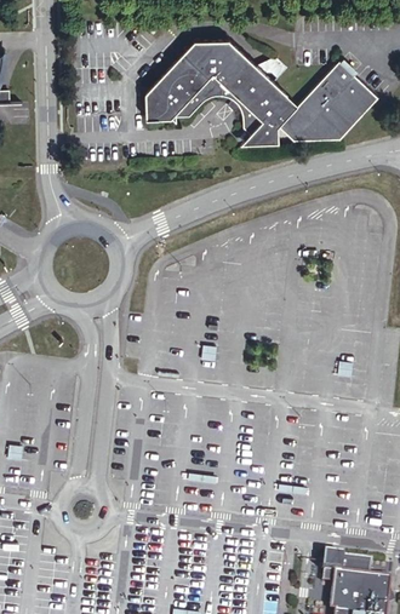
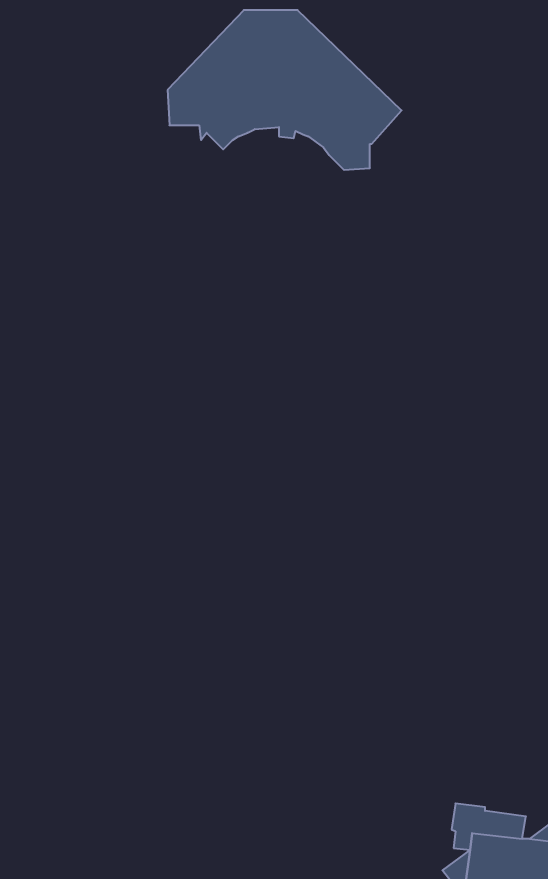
building: [276,62,377,142] -> none

